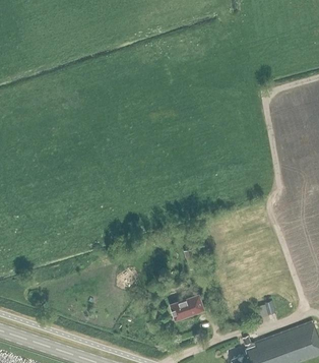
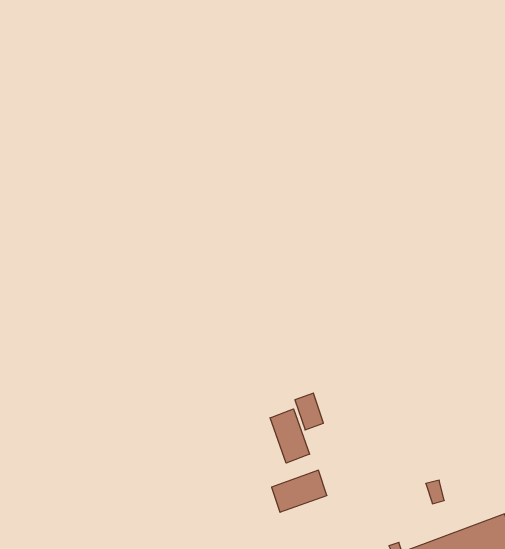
building: none -> [270,409,310,463]

